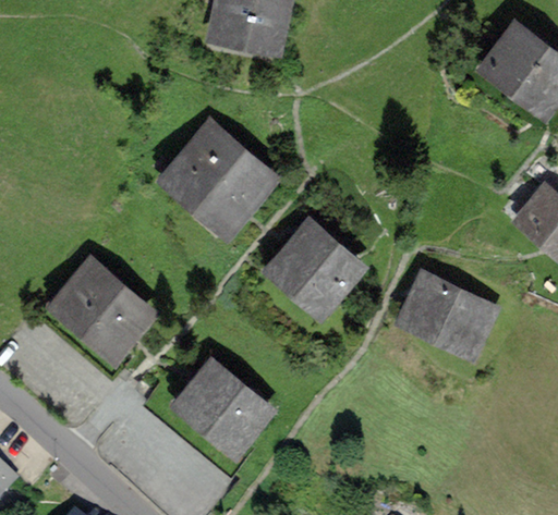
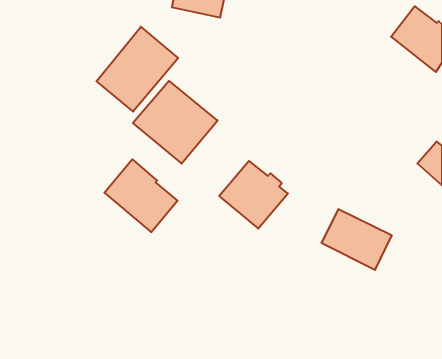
building: none -> [96,27,178,112]
building: [56,259,146,350] -> [104,159,178,232]
building: [179,363,267,445] -> none

